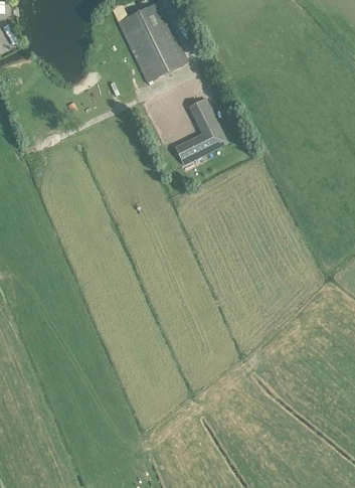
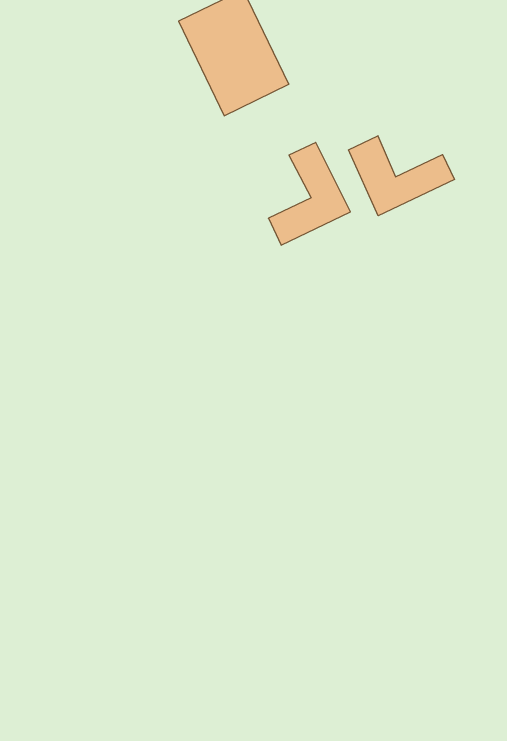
building: none -> [349,136,455,216]

